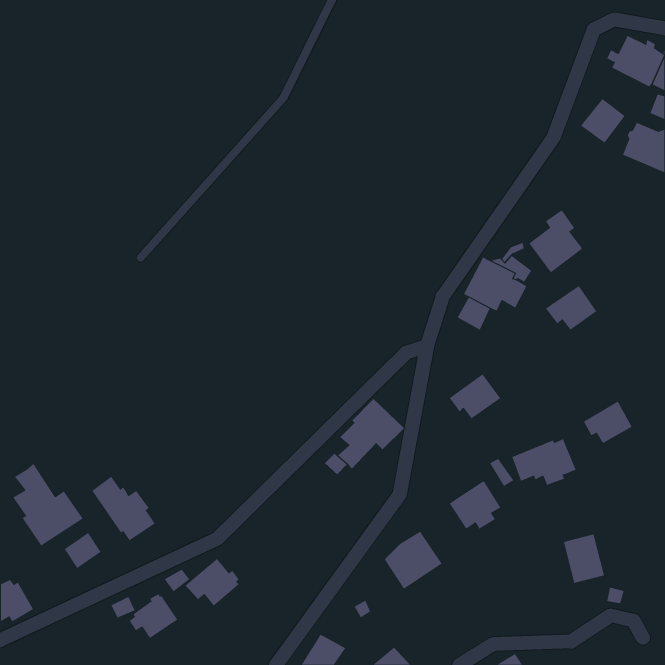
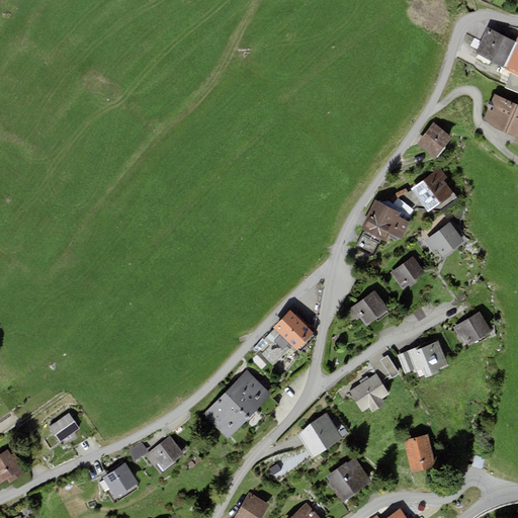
building: [580,98,626,144] -> [417,122,452,158]
building: none -> [392,257,426,289]
building: [13,463,83,547] -> none
building: [92,476,156,541] -> none
building: none -> [203,370,271,438]
building: [563,534,605,583] -> [404,434,436,472]
building: none -> [326,457,371,501]

